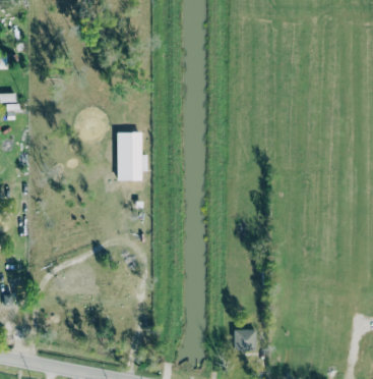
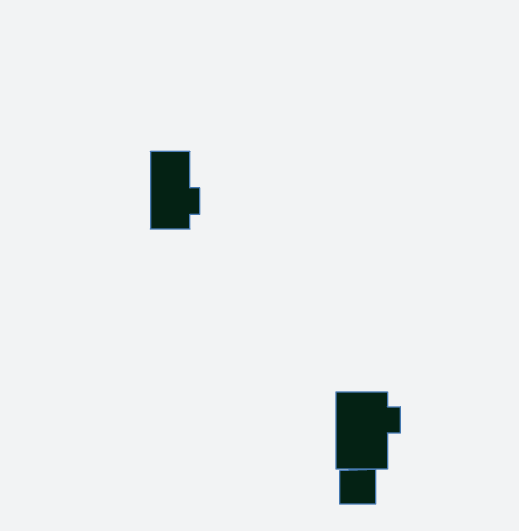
building: none -> [336,392,400,469]

